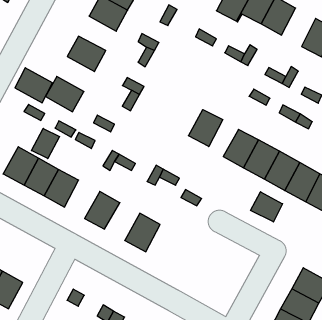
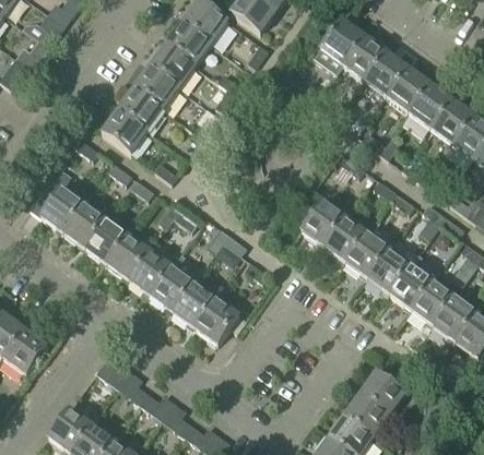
building: none -> [386,65,428,111]
building: none -> [149,44,193,86]
building: [15,68,53,103] -> [117,87,162,131]
building: [188,110,223,147] -> none
building: [31,128,60,159] -> none
building: none -> [106,234,150,279]
building: none -> [150,254,202,311]
building: [251,192,283,222] -> none
building: none -> [194,298,237,344]

